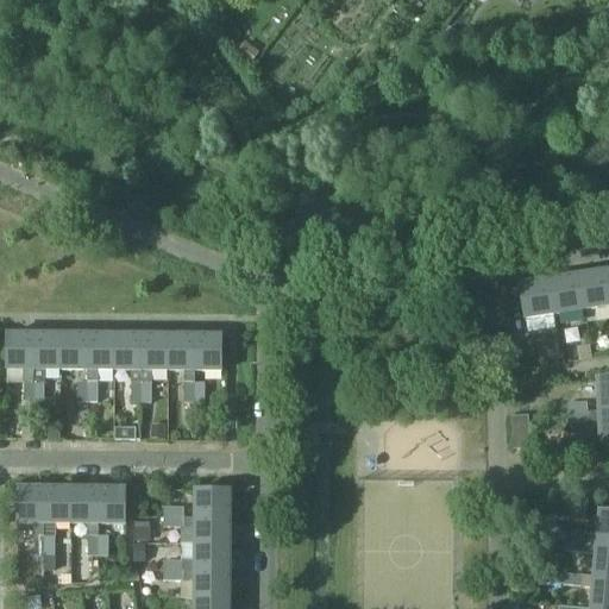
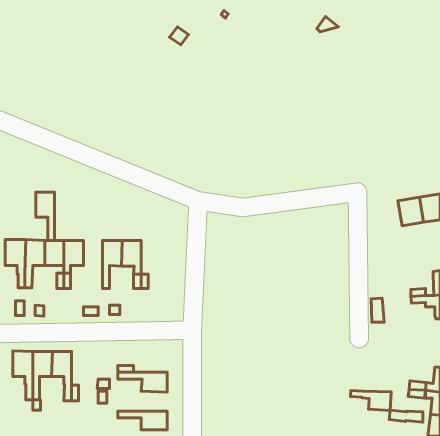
building: [520,277,555,316] -> none
building: [115,332,142,398] -> [36,192,55,240]
building: [195,332,222,368] -> none
building: [99,485,126,520] -> none
building: [196,486,231,514] -> none
building: none -> [350,390,391,410]
building: [163,540,231,567] -> none

